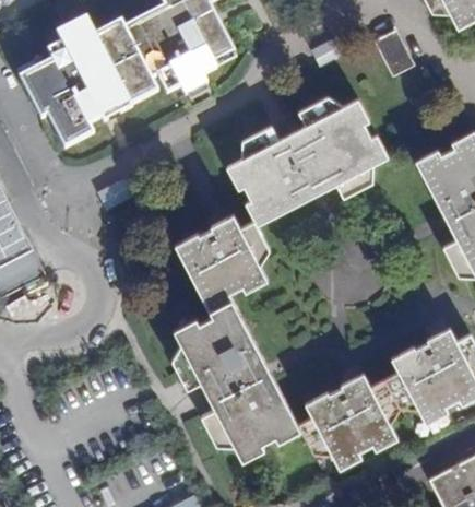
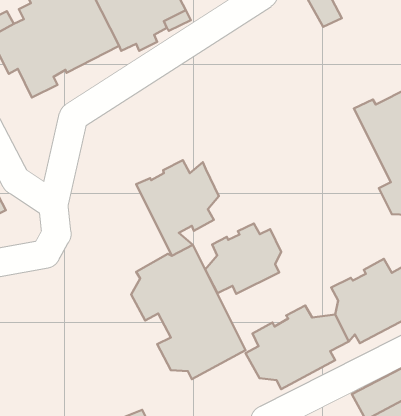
building: [229,98,379,226] -> none
building: none -> [205,223,281,294]

